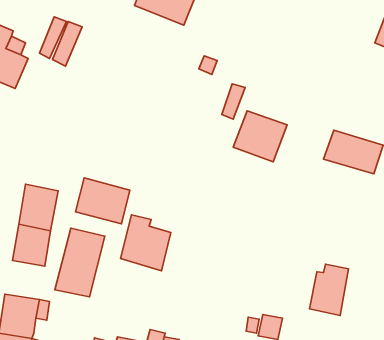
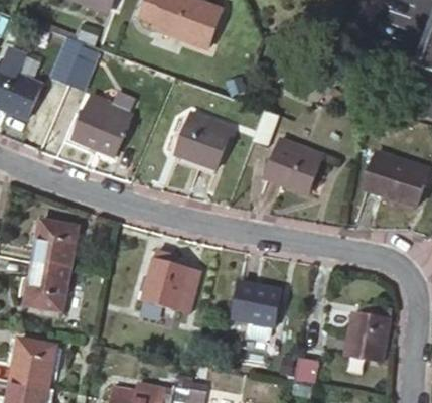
building: none -> [75,94,130,152]
building: none -> [176,114,228,167]
building: [75,178,130,224] -> none
building: [55,228,105,297] -> none
building: none -> [232,281,281,323]

